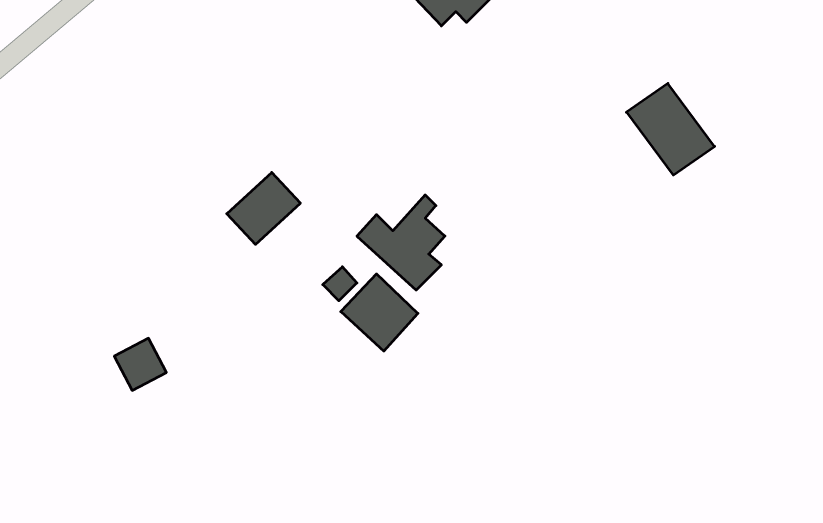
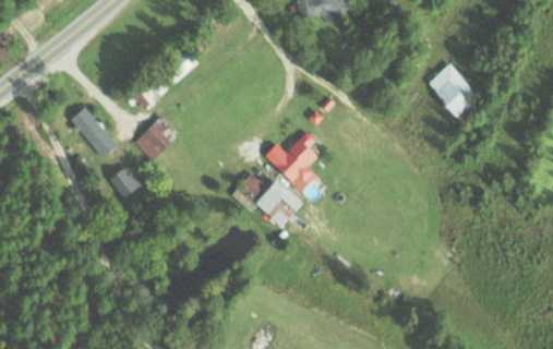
building: none -> [71,105,117,158]
building: [227,172,300,244] -> [135,116,180,159]
building: [114,338,166,390] -> [108,166,140,197]

